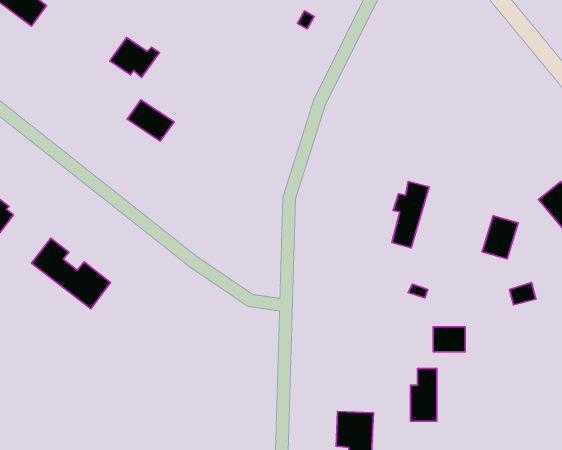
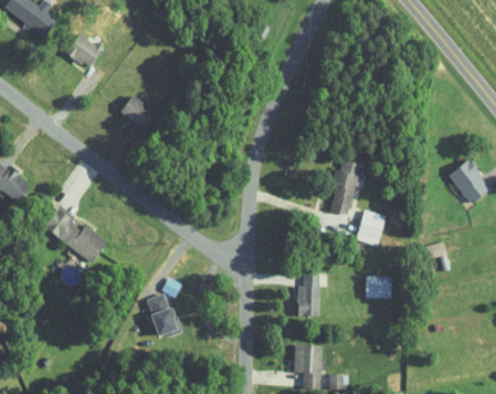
building: [110,37,160,78] -> [65,34,105,66]
building: [482,216,518,259] -> [356,210,384,245]
building: none -> [146,293,181,336]
building: [410,368,437,421] -> [298,273,319,315]

